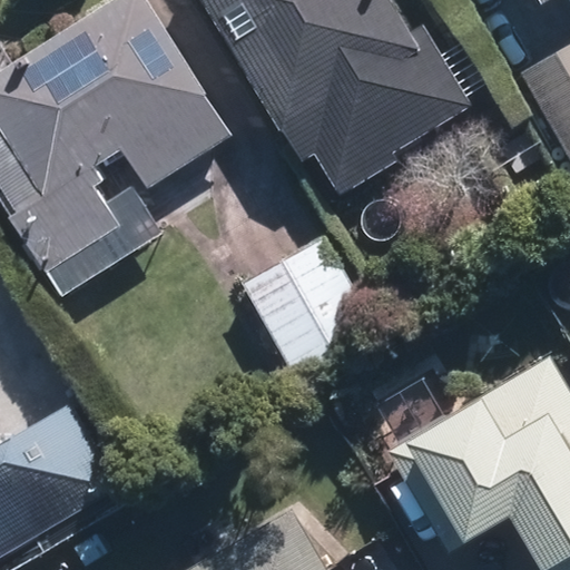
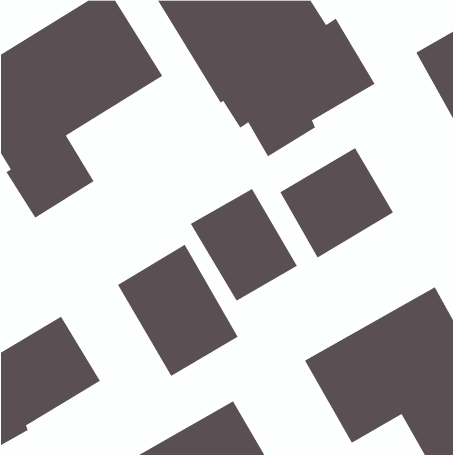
building: none -> [280,147,394,259]
building: none -> [117,244,238,377]

